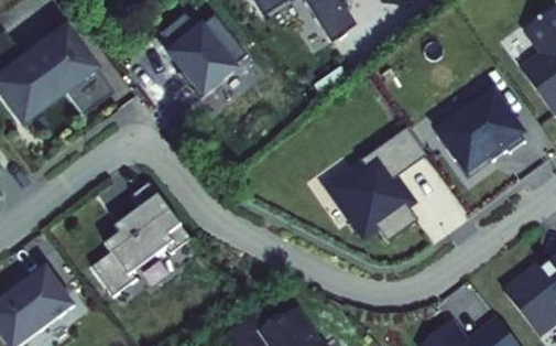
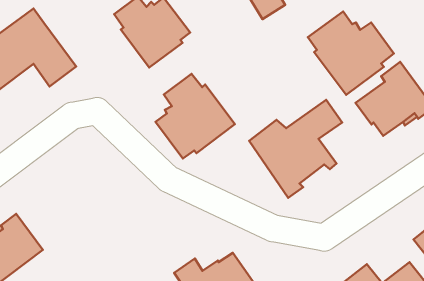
building: none -> [308,11,394,95]
building: none -> [155,74,235,159]
building: [92,182,193,298] -> none

